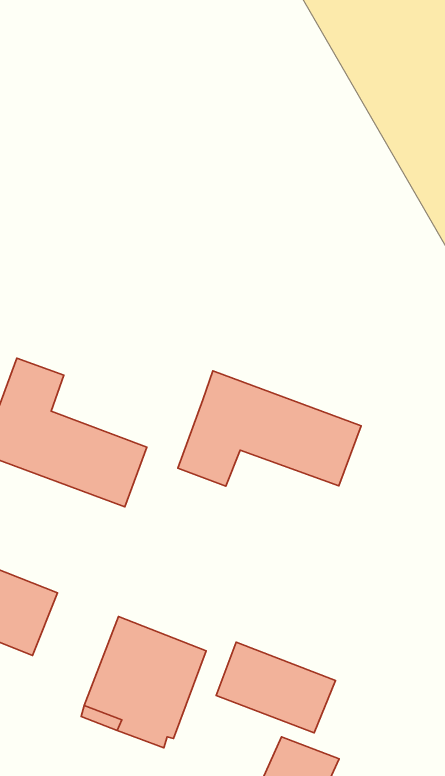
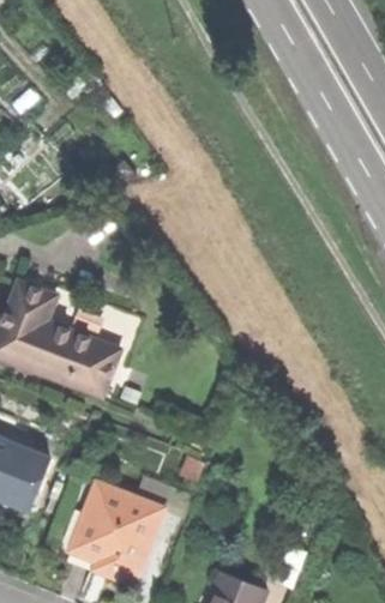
building: [178,371,361,486] -> none
building: [216,642,335,733] -> none

